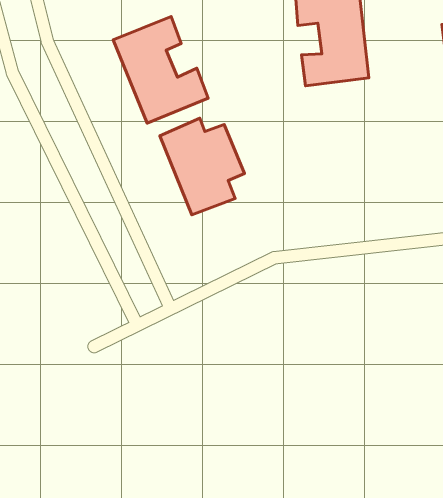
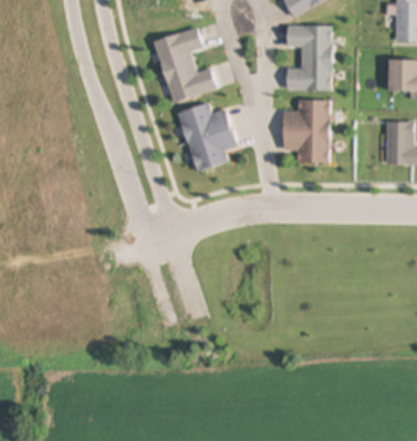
building: none -> [282,99,330,163]

